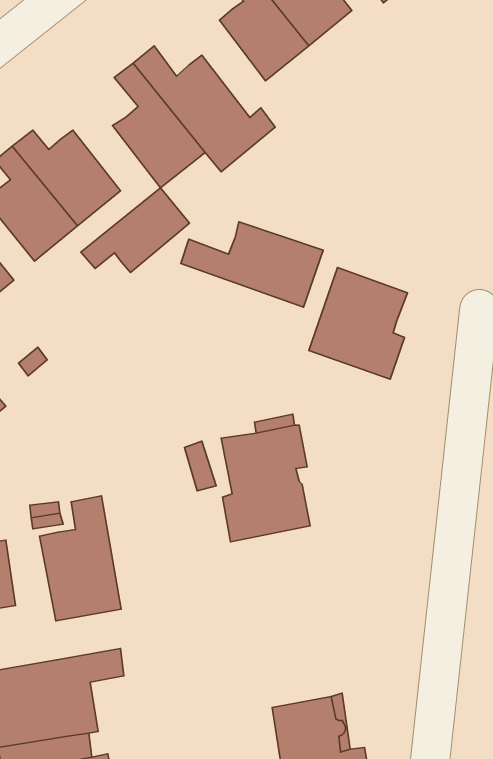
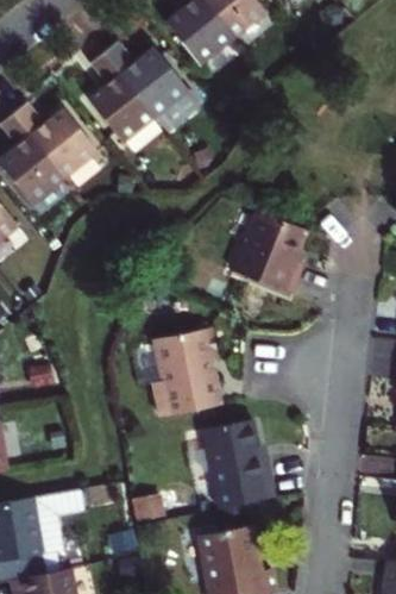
building: [81,188,189,272] -> none
building: [181,222,323,307] -> none
building: [40,496,121,621] -> none
building: none -> [205,425,276,513]

